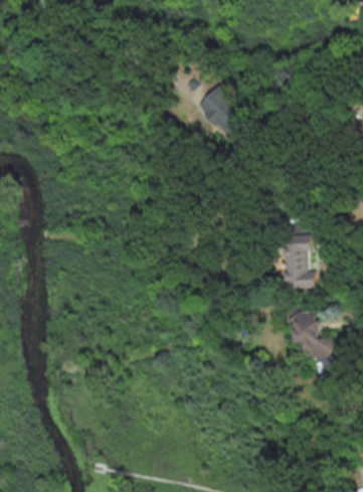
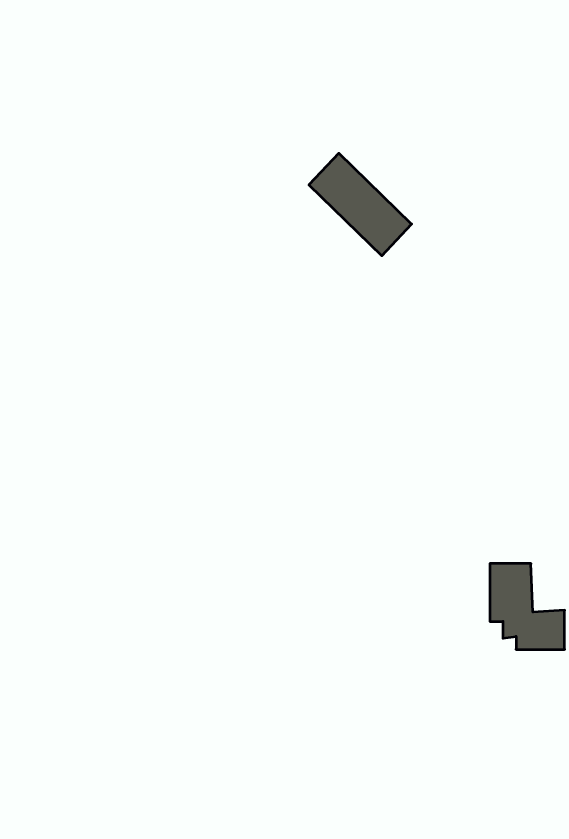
building: [284,234,314,288] -> none

